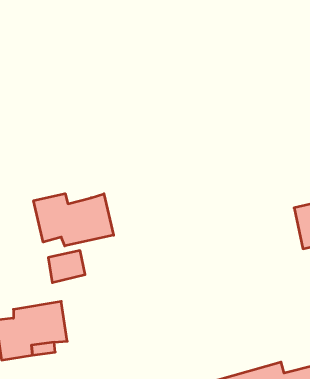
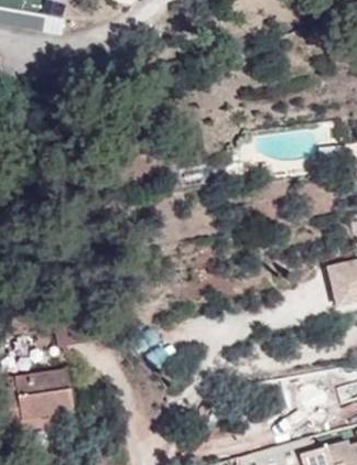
building: [34,194,114,246] -> none

